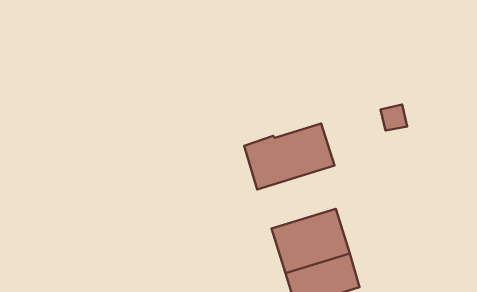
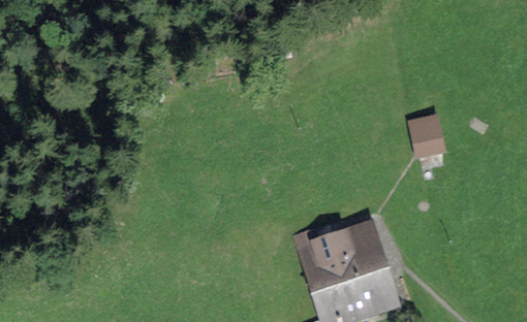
building: [244,124,335,189] -> none

